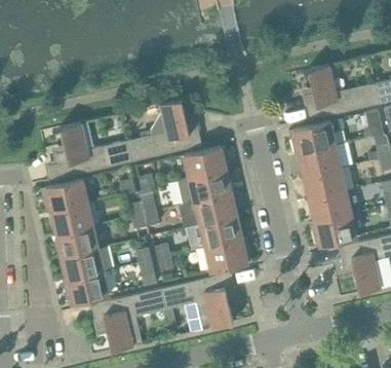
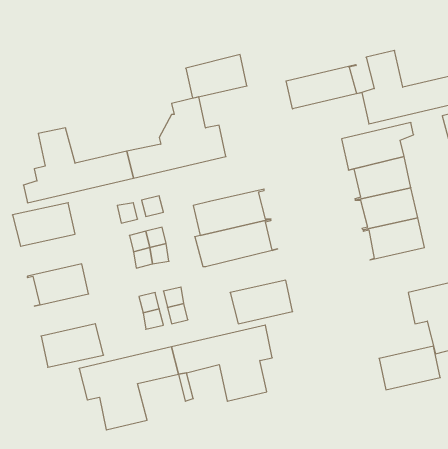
building: none -> [286,65,362,109]
building: [184,146,230,179] -> [186,55,247,98]
building: [46,204,92,235] -> none
building: [310,214,356,247] -> [379,346,440,390]
building: [186,215,246,251] -> none
building: [56,249,103,281] -> none

